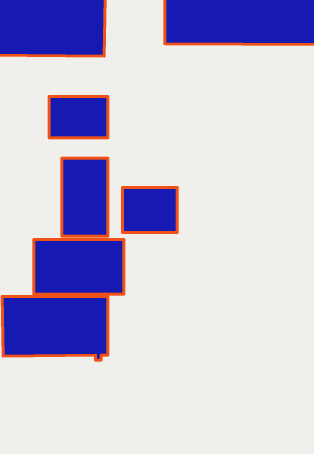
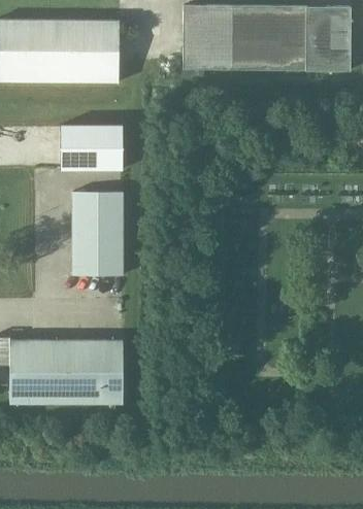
building: [122,187,177,232] -> none
building: [34,239,124,294] -> none

